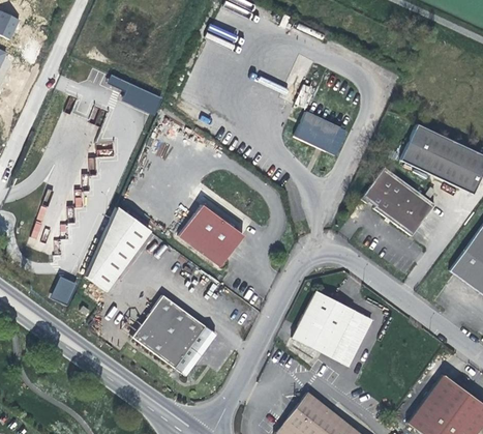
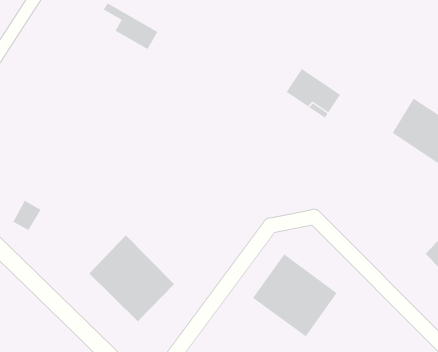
building: [361,167,435,236] -> none
building: [178,204,244,267] -> none
building: [85,206,150,291] -> none

